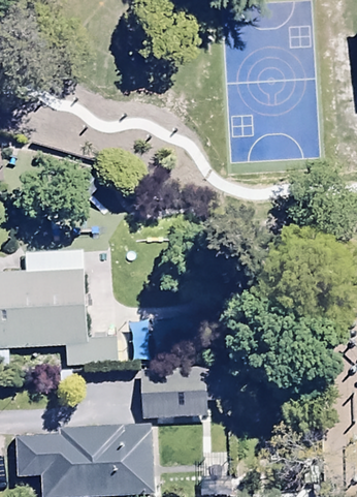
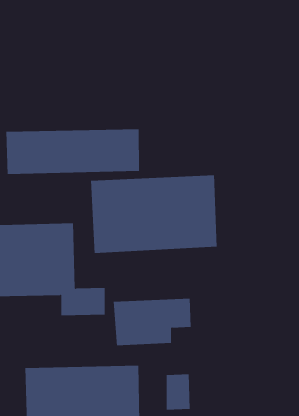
building: none -> [6,129,140,175]
building: none -> [90,174,217,254]

